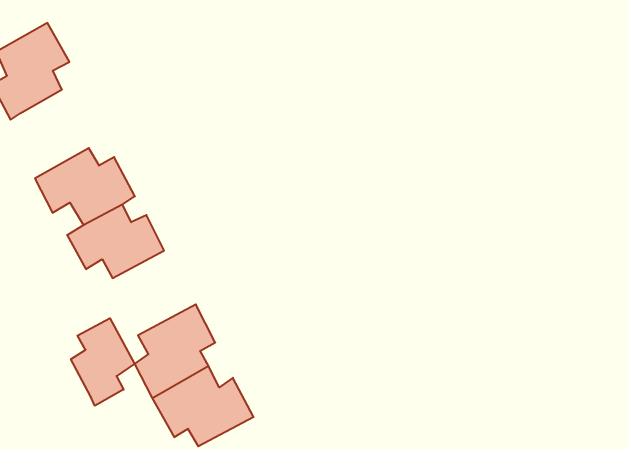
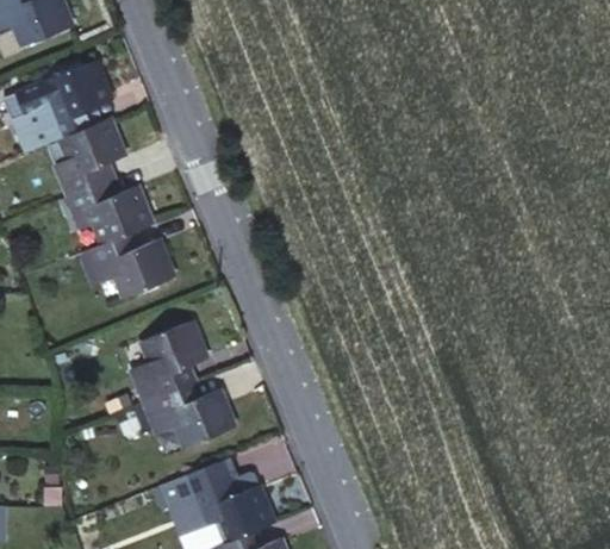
building: none -> [50,114,124,195]
building: [71,318,135,406] -> none

